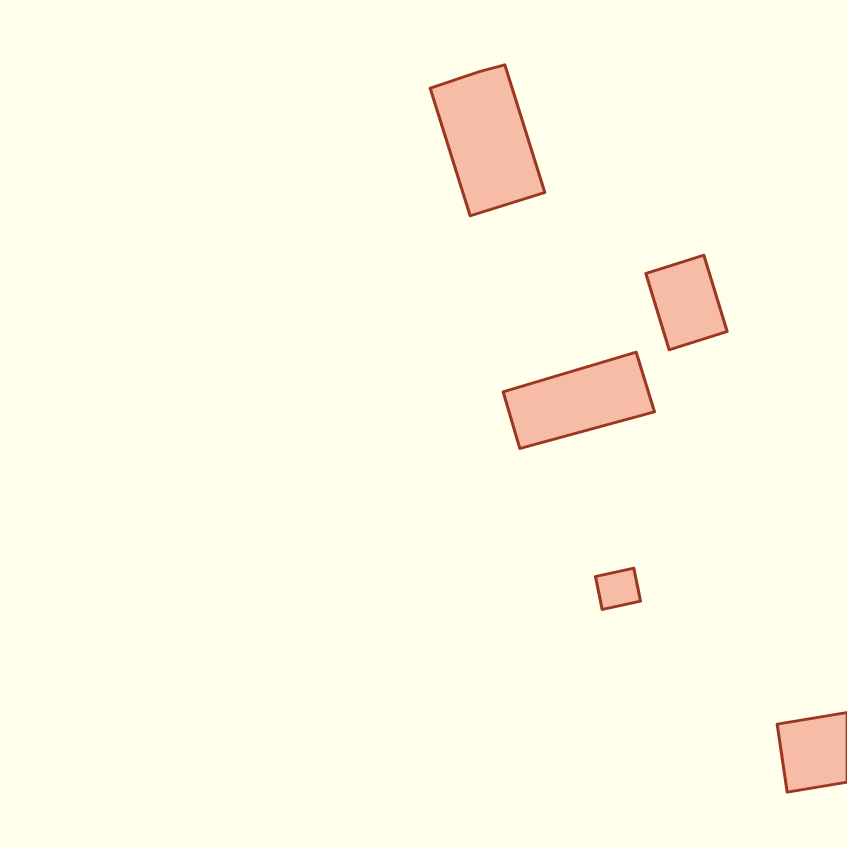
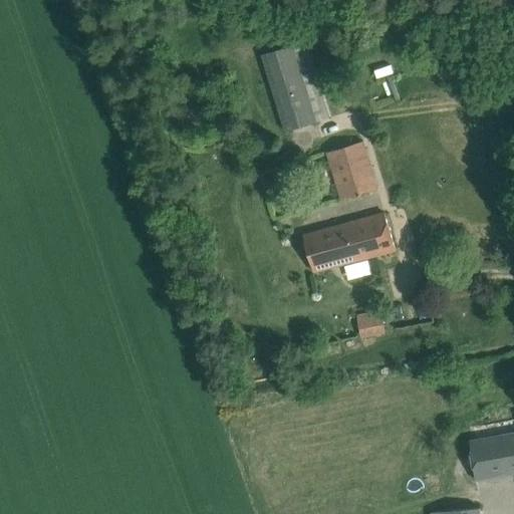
building: [646,255,727,350] -> [327,142,376,199]
building: [596,568,640,610] -> [357,311,384,336]

